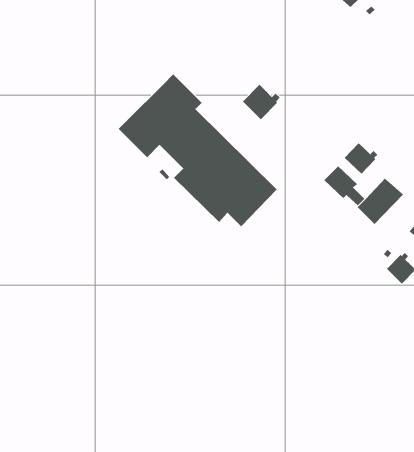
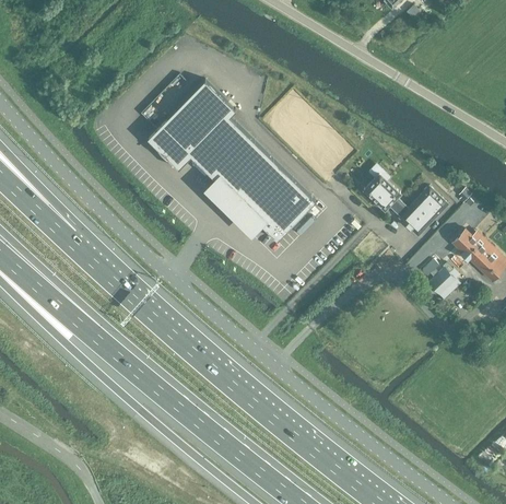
building: [242,84,281,120] -> none
building: [344,142,378,175] -> none

